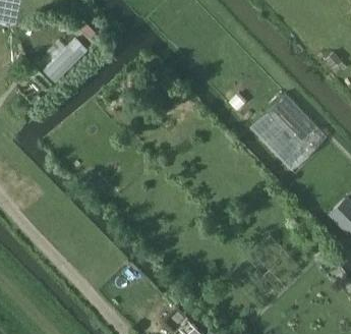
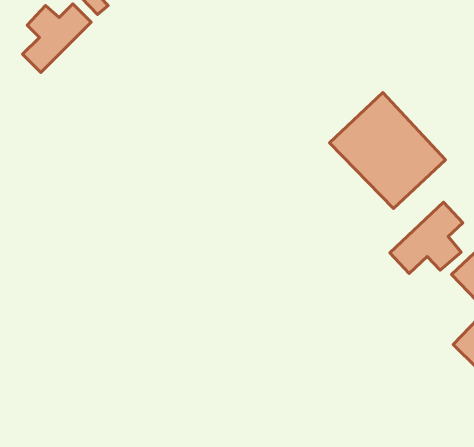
building: none -> [390,202,463,273]

